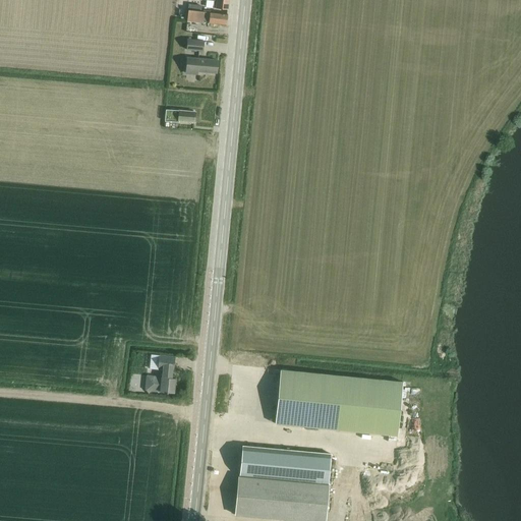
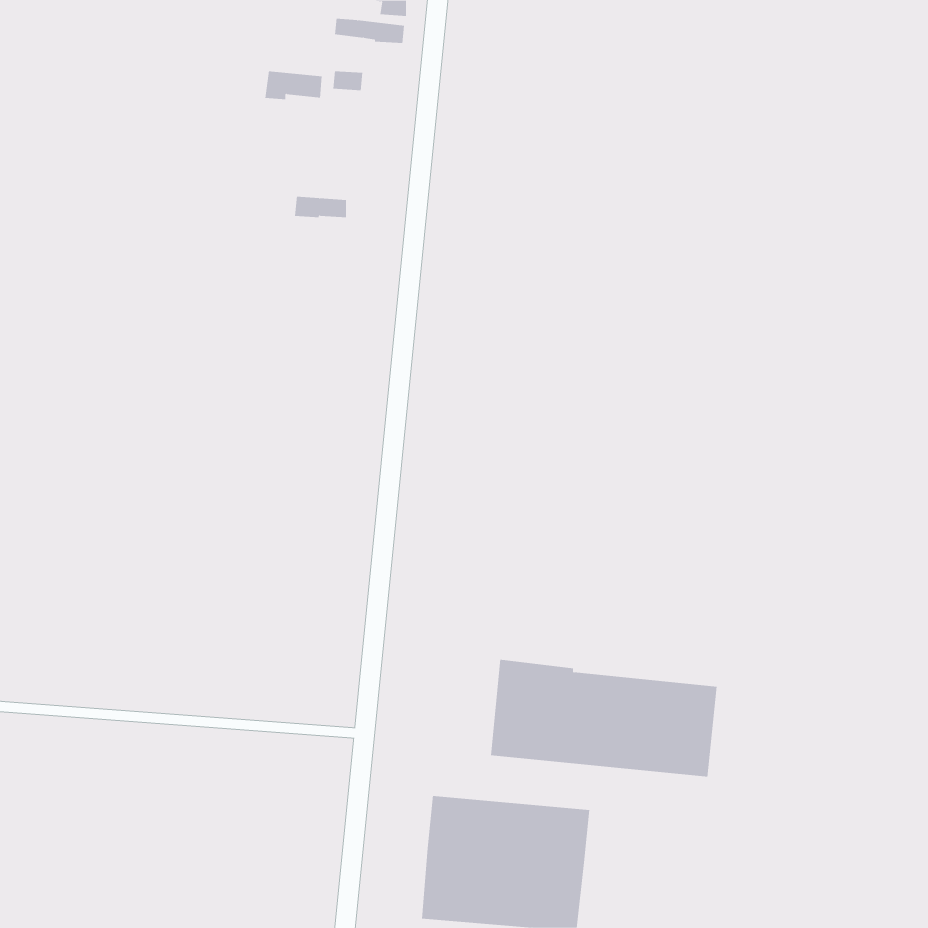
building: [185,58,218,74] -> [265,71,323,100]
building: [144,354,175,394] -> none

